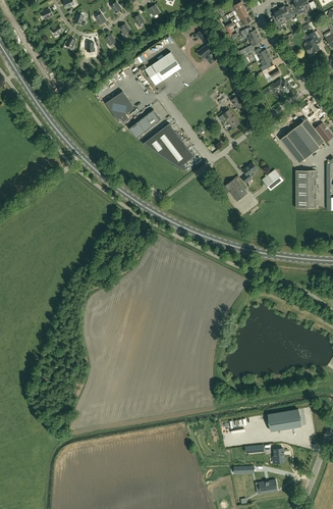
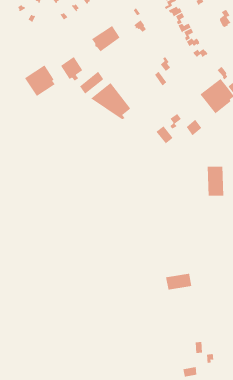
building: none -> [24,65,55,97]
building: [295,170,317,208] -> [207,166,224,196]
building: [268,409,301,430] -> [165,273,192,290]

